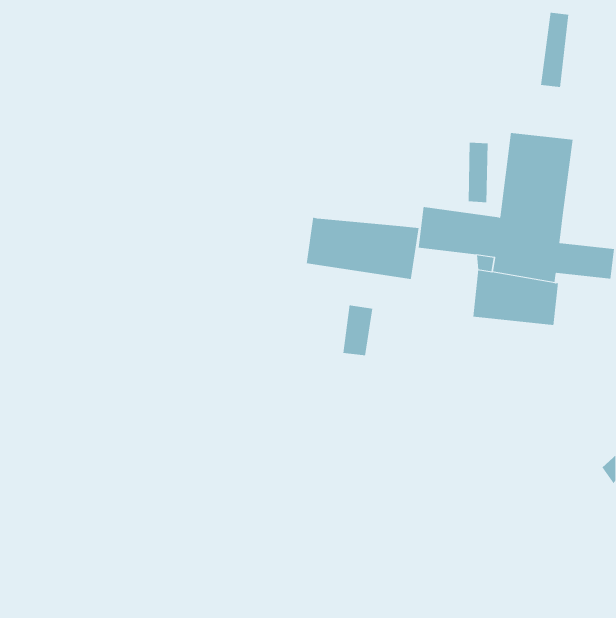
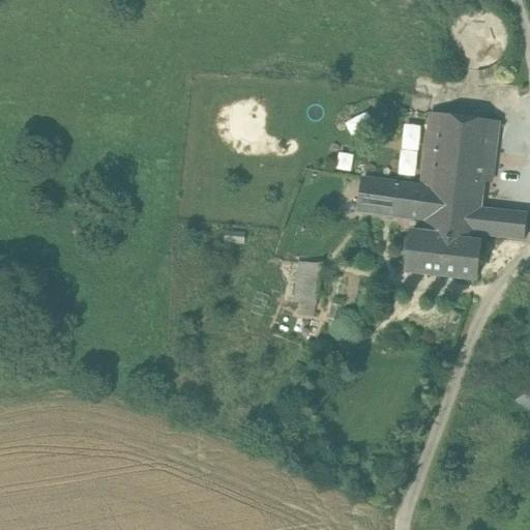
building: [540,12,569,87] -> [480,119,505,183]
building: [306,217,419,280] -> none

